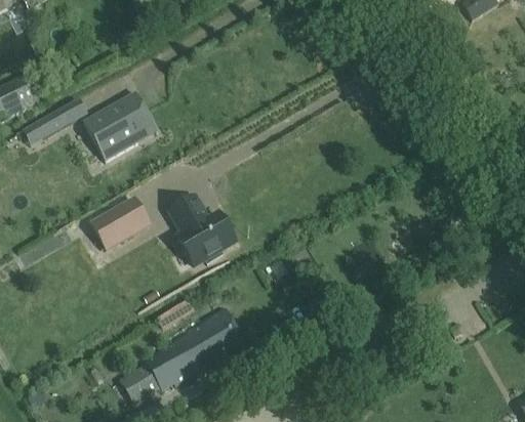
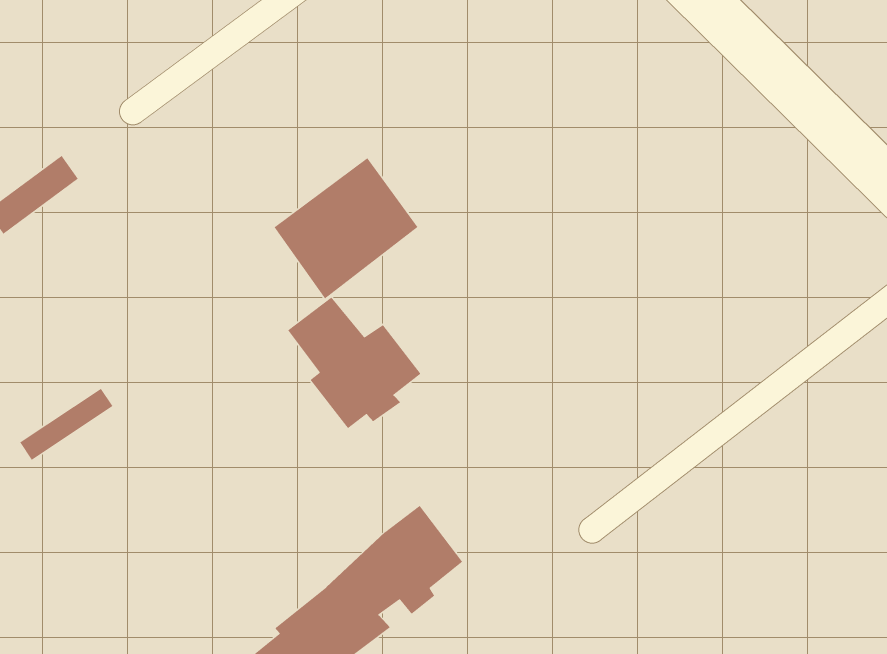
building: [84,91,158,161] -> [274,157,419,299]
building: [91,197,148,244] -> none

